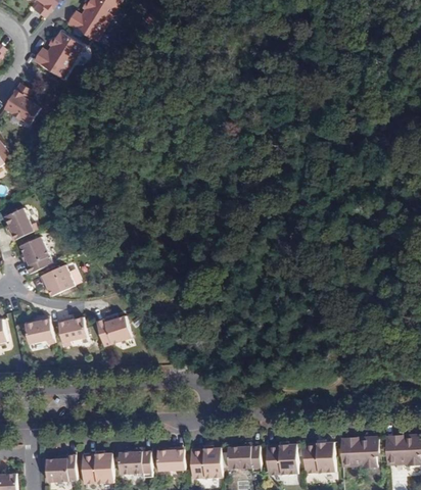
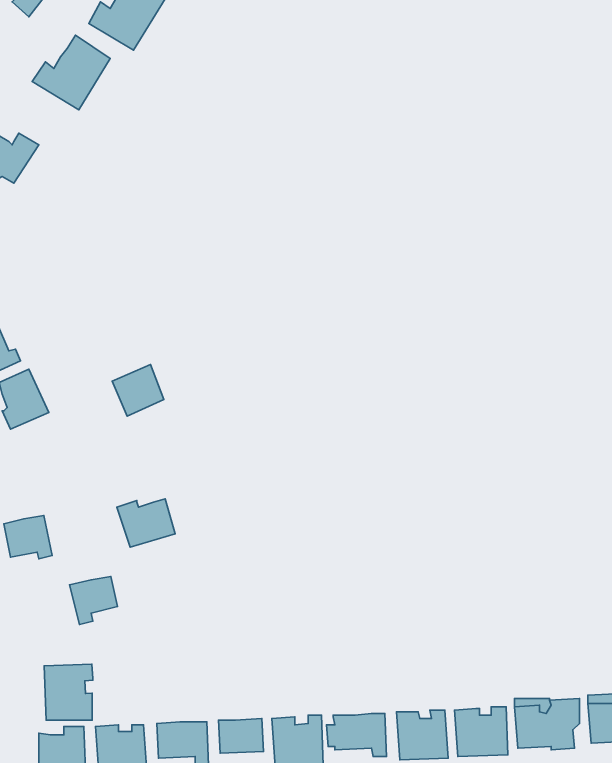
building: [43,263,75,295] -> [112,364,164,416]
building: [58,320,88,349] -> [69,576,118,625]
building: none -> [44,664,93,720]

